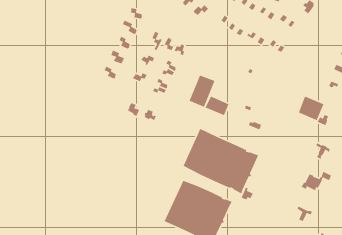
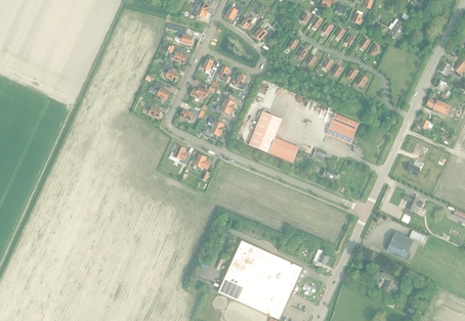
building: [298,95,325,121] -> [327,112,360,144]
building: [182,128,259,195] -> none

